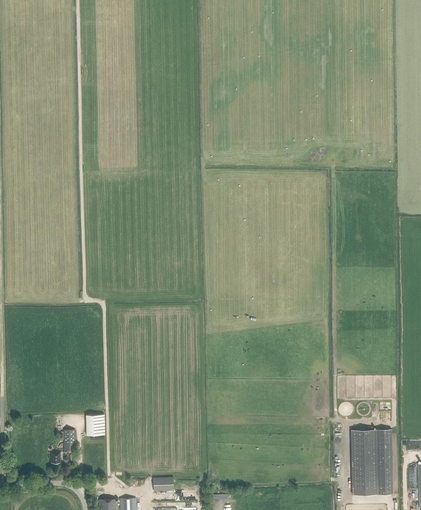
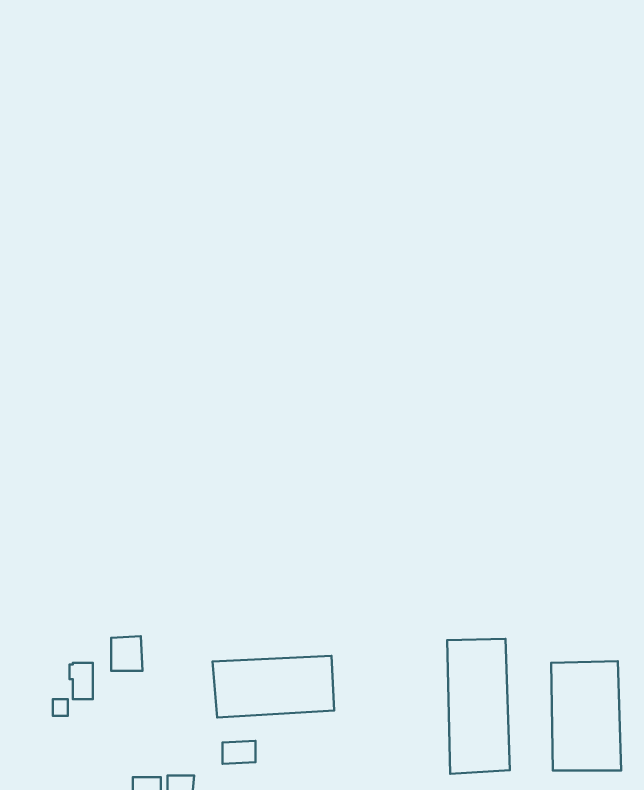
building: none -> [447,639,510,774]
building: none -> [213,656,334,717]

